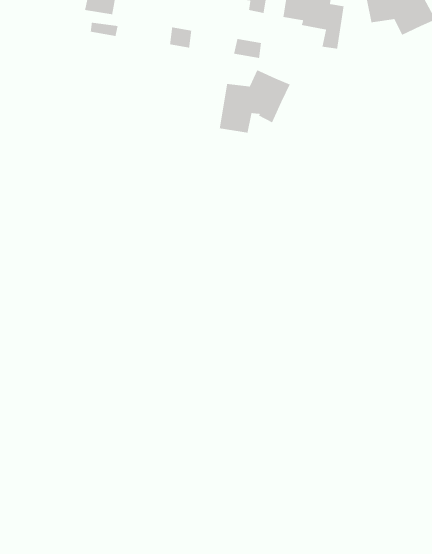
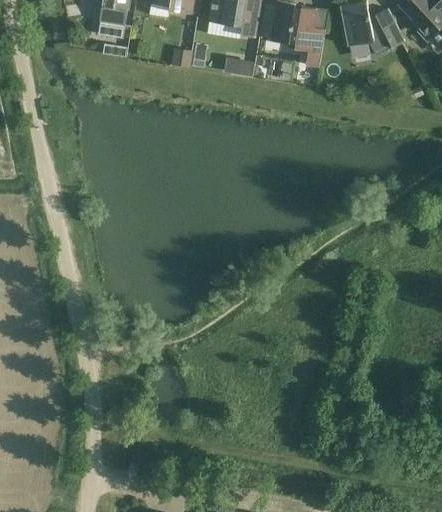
building: [219,69,291,134] -> none

